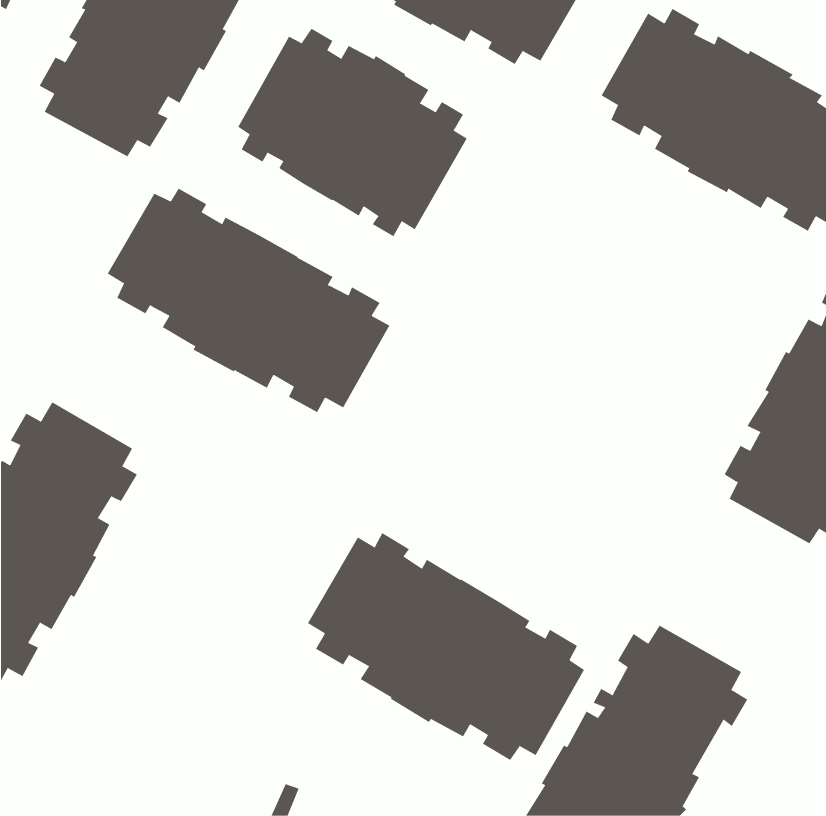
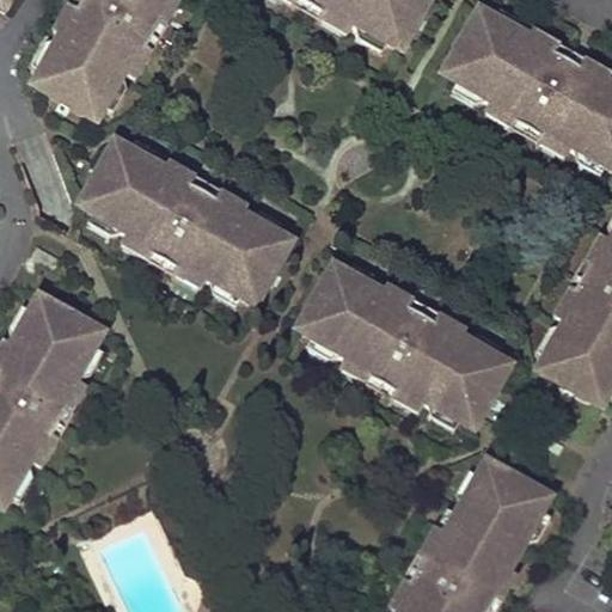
building: [238,28,467,237] -> none
building: none -> [299,262,507,428]
building: [307,532,585,761] -> none

